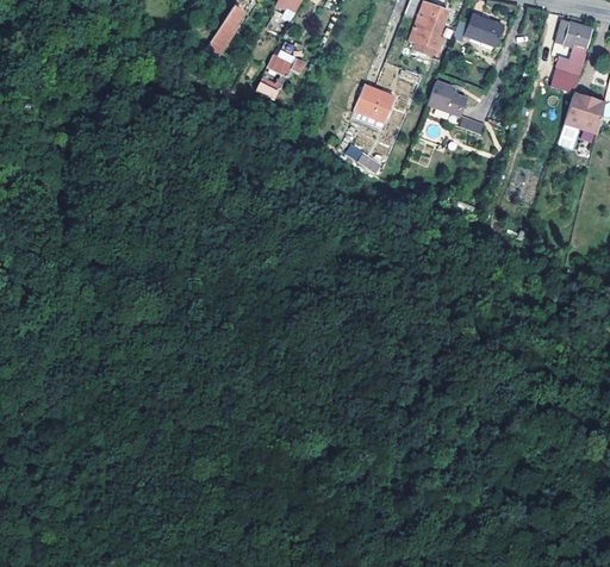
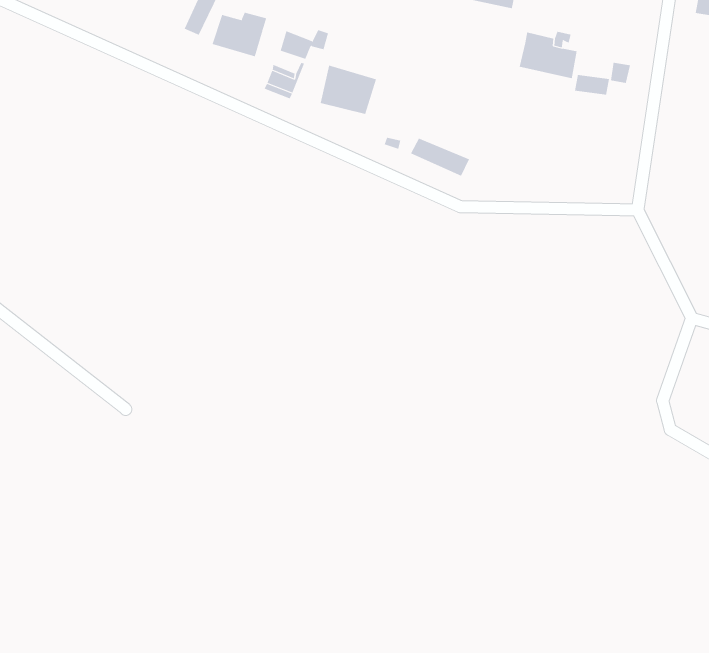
building: none -> [212,12,267,57]
building: [356,81,397,118] -> [320,65,377,115]

